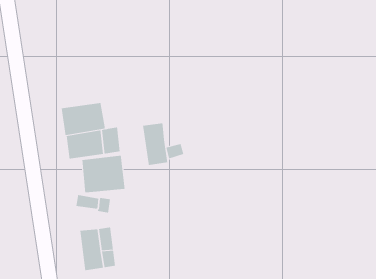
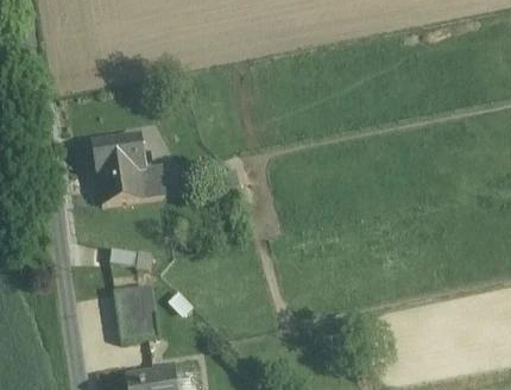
building: [143,123,168,166] -> none
building: [82,155,125,193] -> none

